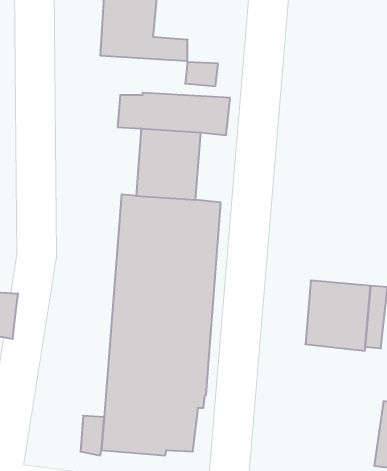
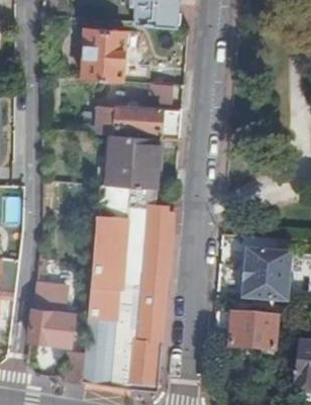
building: none -> [29,285,75,342]
building: none -> [212,307,275,349]

